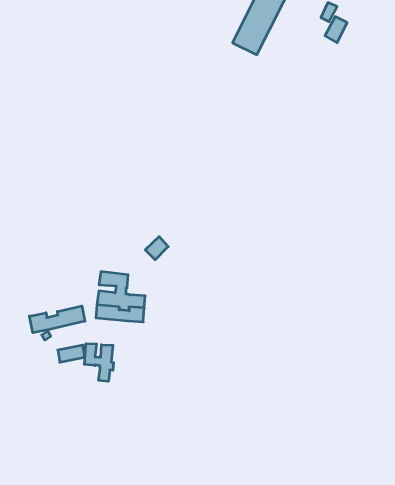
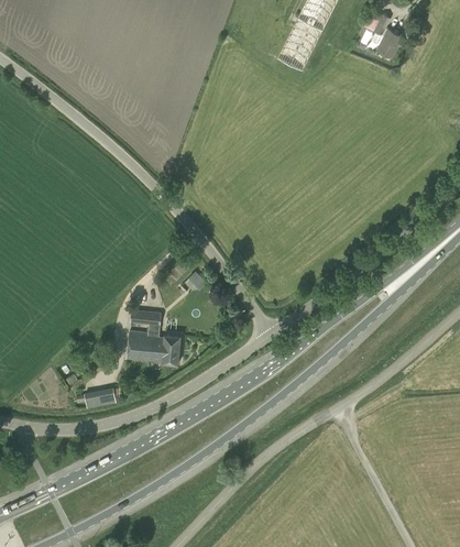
building: [29,306,85,333] -> none
building: [84,344,114,381] -> none

